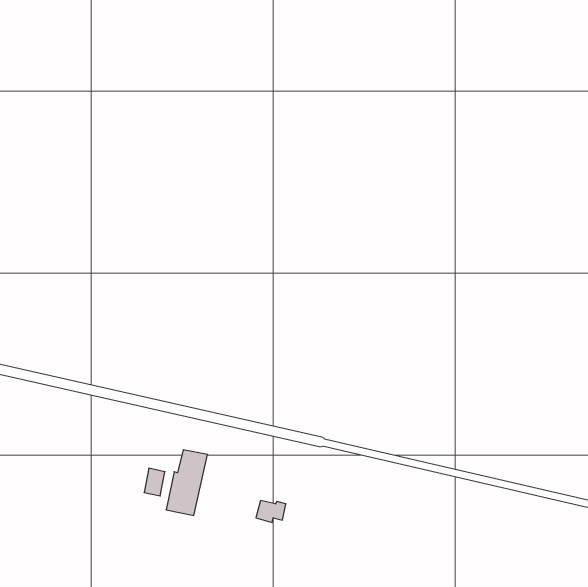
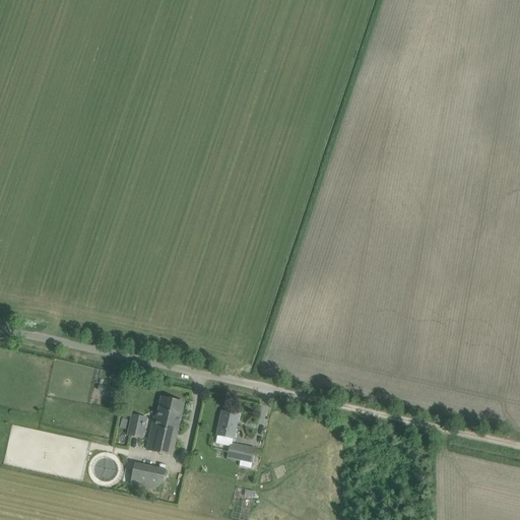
building: none -> [216,409,238,438]
building: none -> [124,461,166,498]

